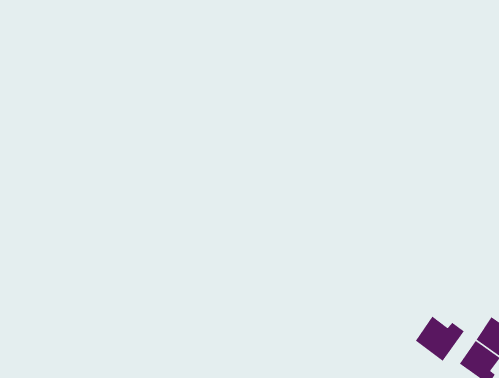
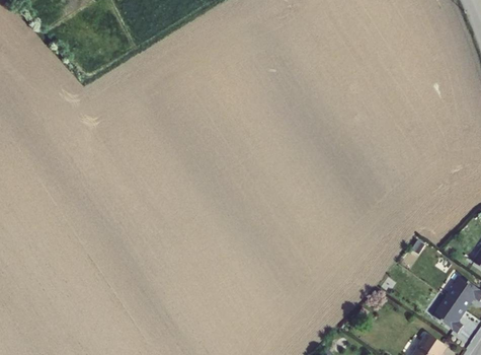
building: [415,315,465,362] -> none

